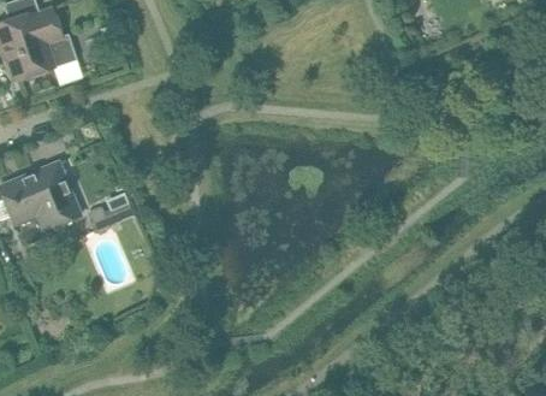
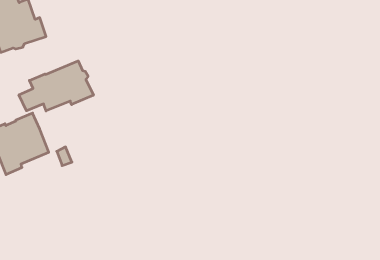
building: none -> [19,61,93,111]

